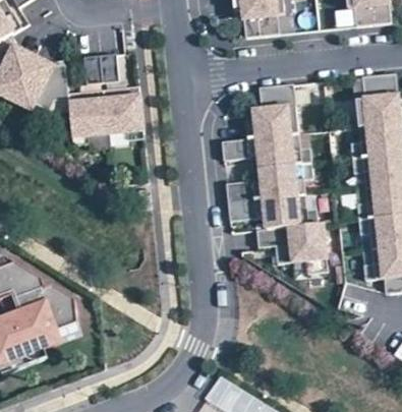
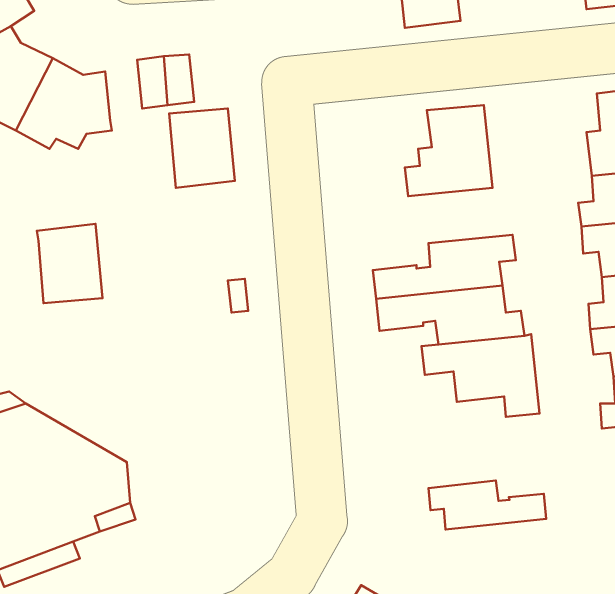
building: [67,90,107,137] -> [37,224,102,303]
building: [221,134,310,168] -> none
building: none -> [429,481,546,529]

